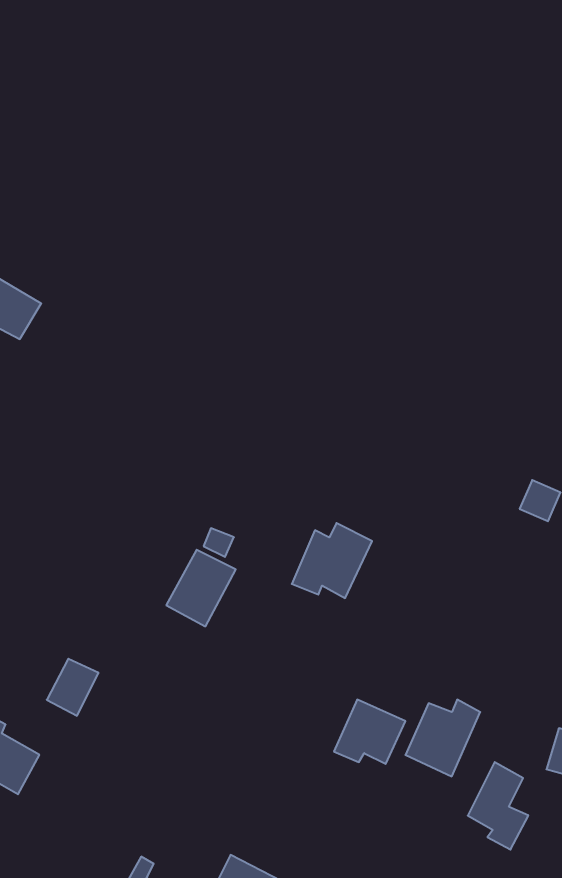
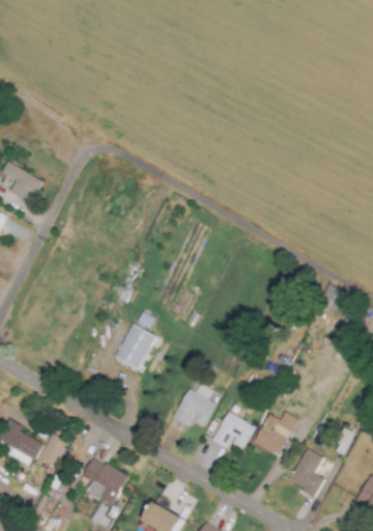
building: [292,523,372,598] -> [173,384,220,427]
building: [47,659,99,716] -> [37,434,67,467]
building: none -> [82,456,126,505]

